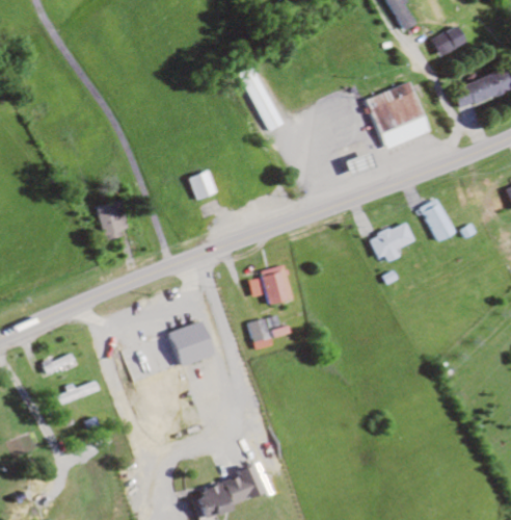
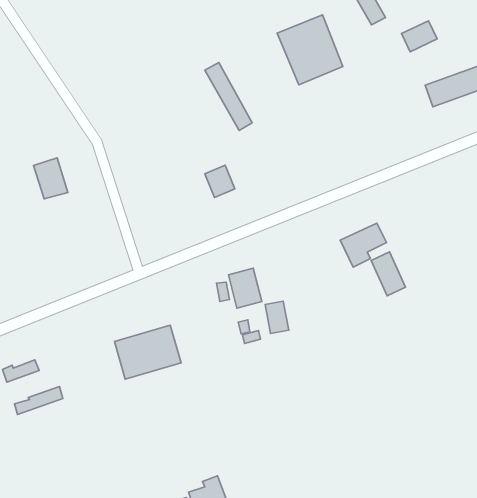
building: [364,82,427,150] -> [277,15,343,85]
building: [188,170,217,201] -> [205,165,235,197]
building: [421,199,454,241] -> [371,252,406,296]
building: [95,200,128,239] -> [33,158,68,199]
building: [251,318,274,349] -> [265,301,289,333]

